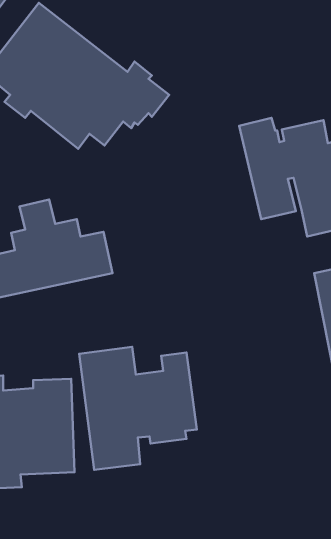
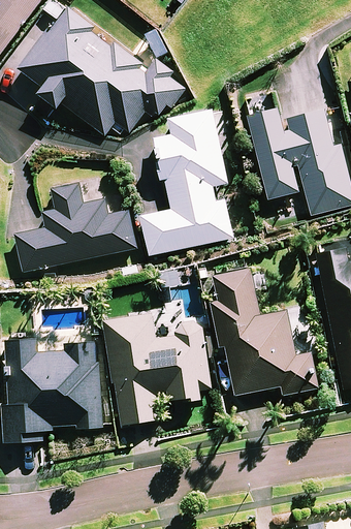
building: none -> [141,108,232,255]
building: none -> [212,269,316,395]

